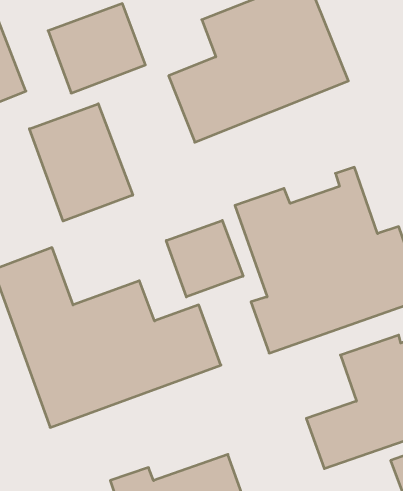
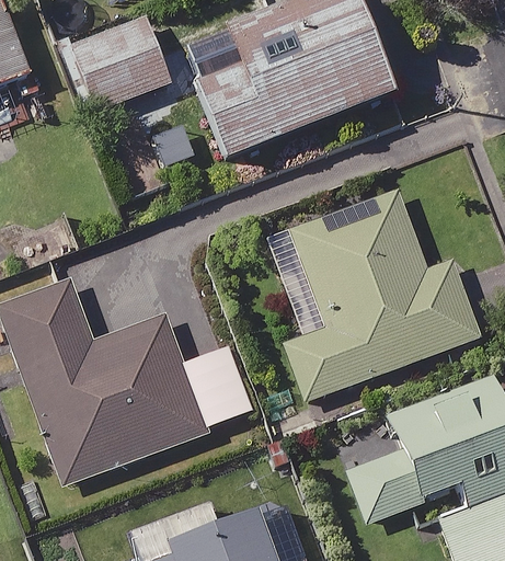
building: [29,104,133,221] -> none
building: [166,220,243,297] -> none

